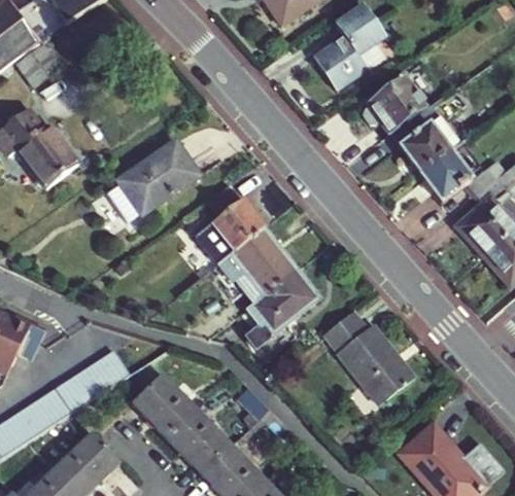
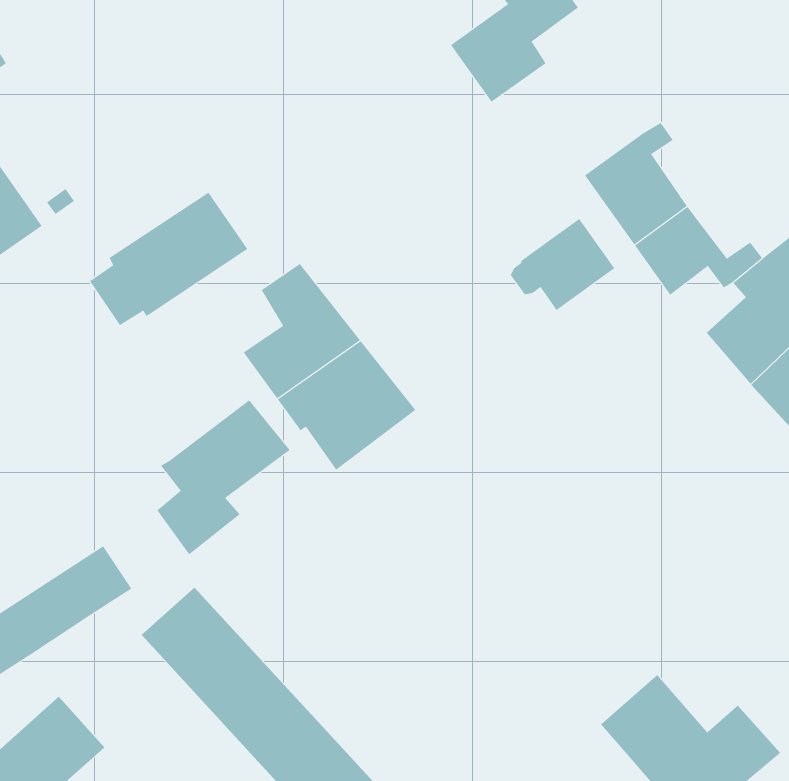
building: [364,82,424,136] -> [510,218,615,311]
building: [240,271,317,360] -> [157,400,291,555]
building: [328,310,424,402] -> none

